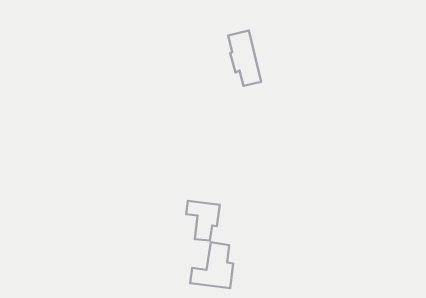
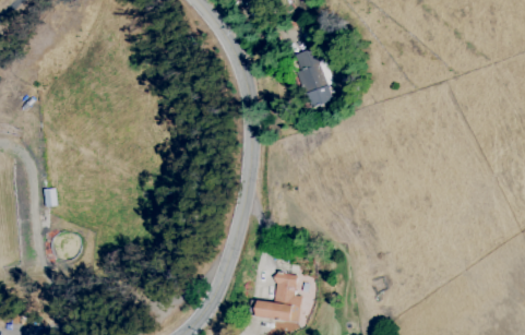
building: [186,201,220,241] -> none

